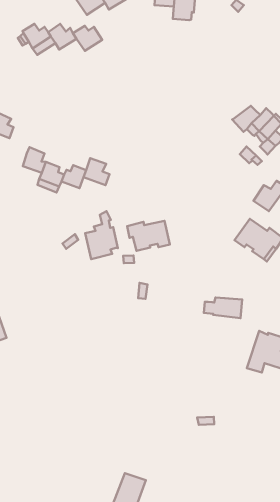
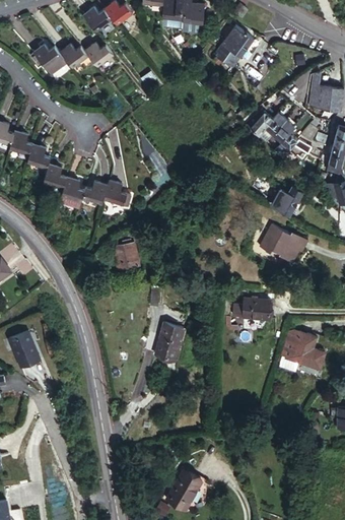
building: none -> [215,25,256,71]
building: none -> [27,147,51,172]
building: [127,221,170,251] -> none
building: none -> [157,321,187,358]

